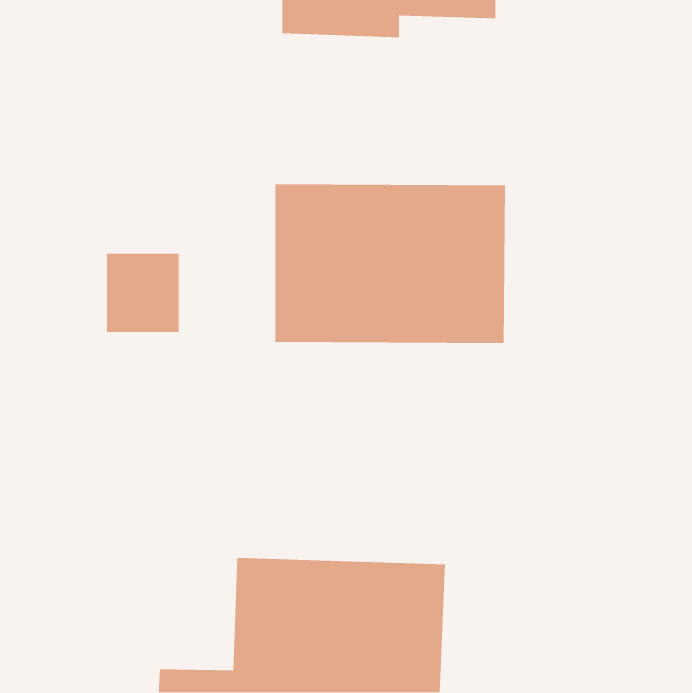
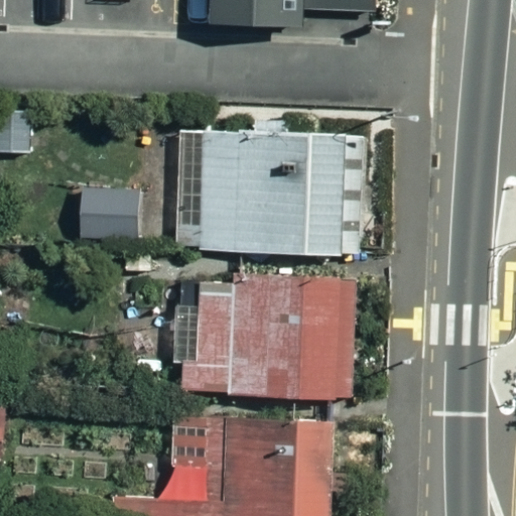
building: none -> [175,278,354,399]

